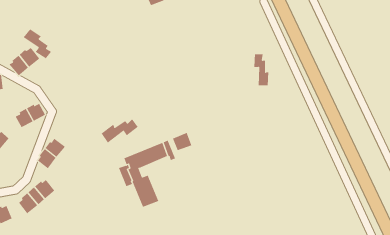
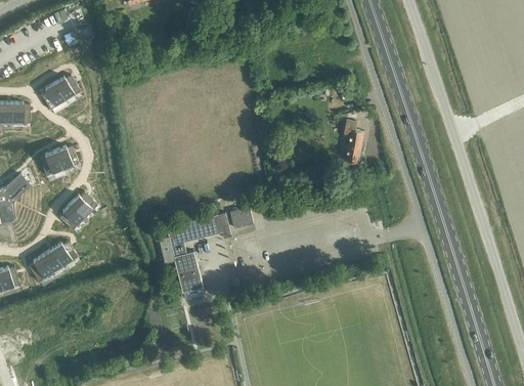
building: [23,28,52,59] -> none
building: [101,119,138,143] -> none

